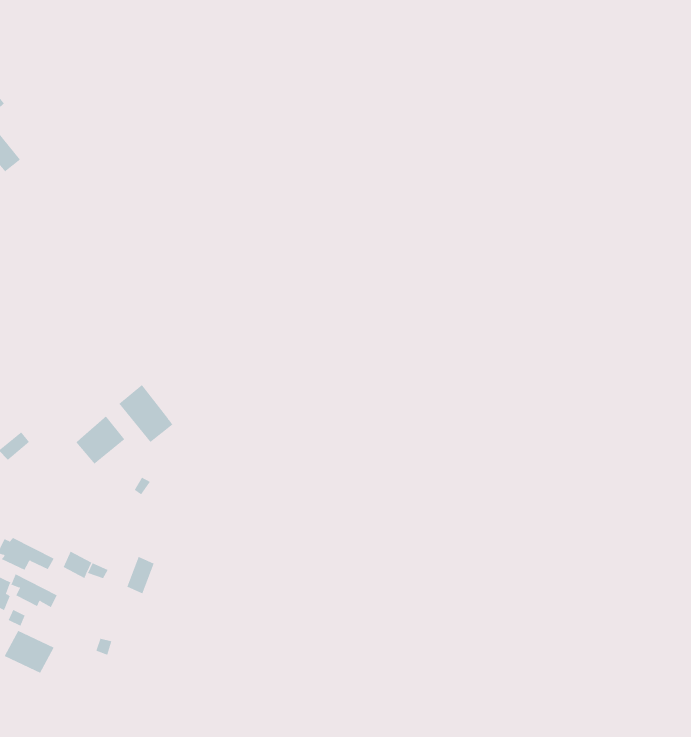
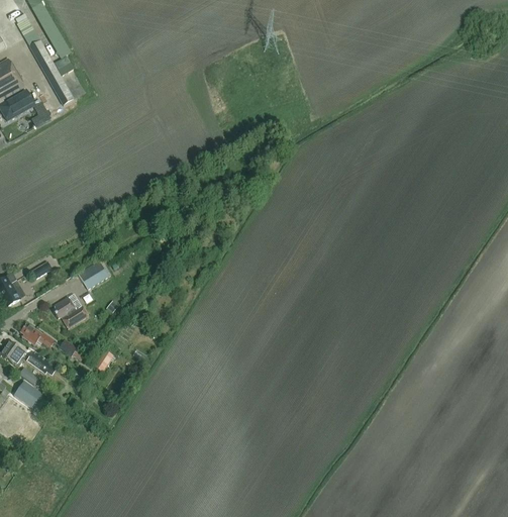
building: [118,384,173,443] -> none
building: none -> [52,294,88,329]

